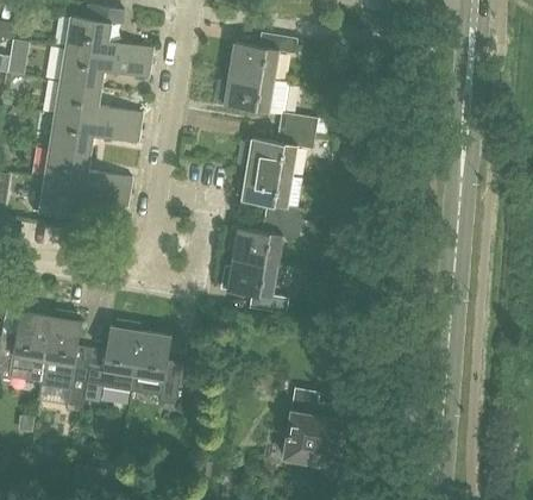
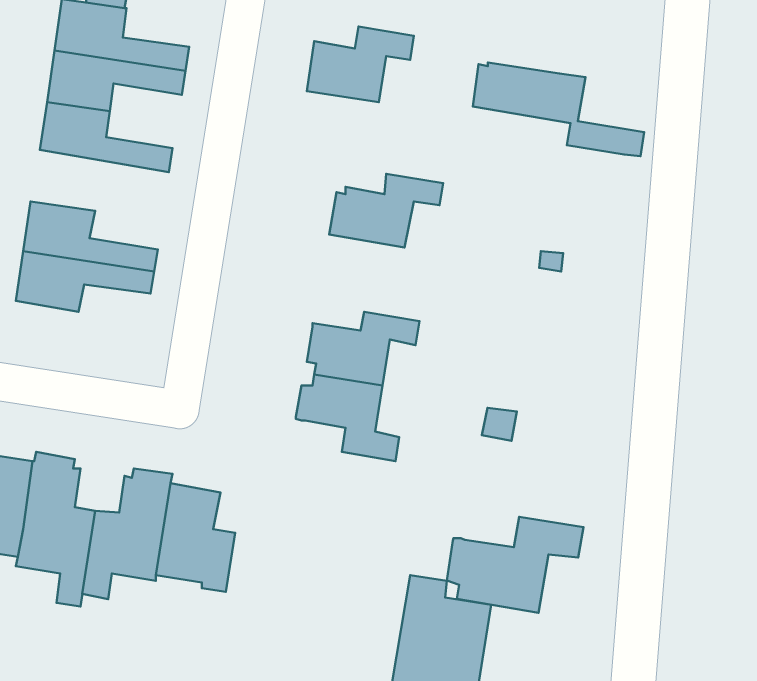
building: [218,76,328,137] -> [473,62,644,156]
building: [49,114,138,154] -> none
building: [237,169,302,225] -> none
building: none -> [447,517,583,613]

